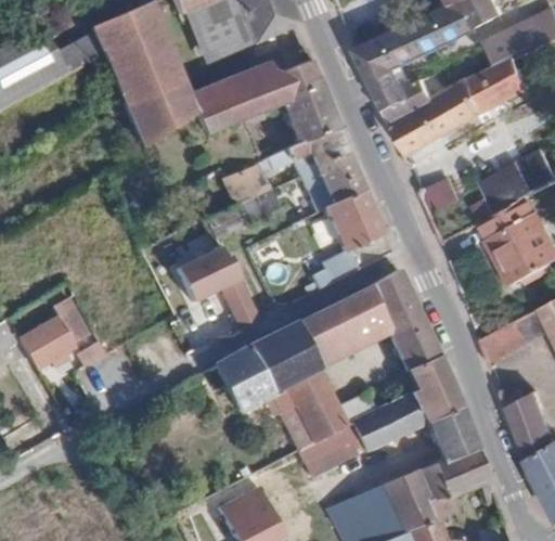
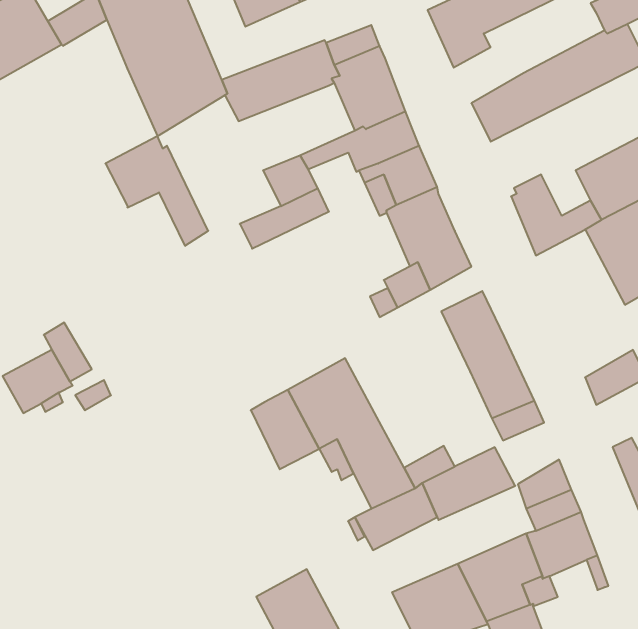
building: [376,77,431,121] -> none
building: [178,247,259,334] -> [105,136,208,246]
building: [291,286,389,370] -> none
building: [408,374,460,424] -> none

